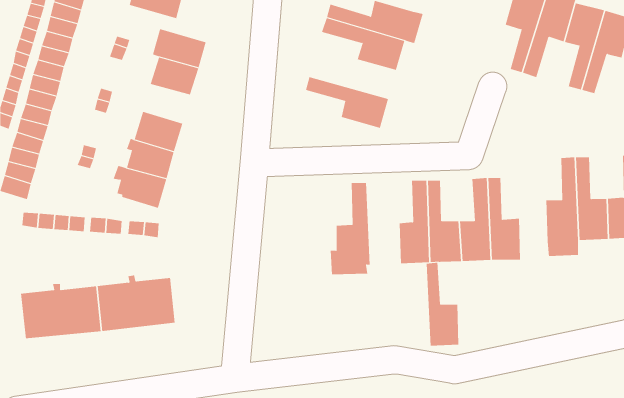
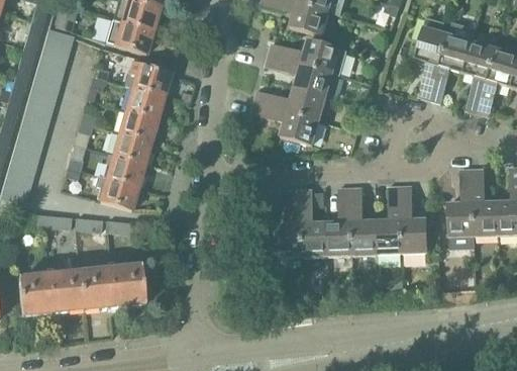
building: none -> [254,87,326,119]
building: none -> [118,107,158,140]
building: [426,262,459,346] -> [302,187,329,256]

